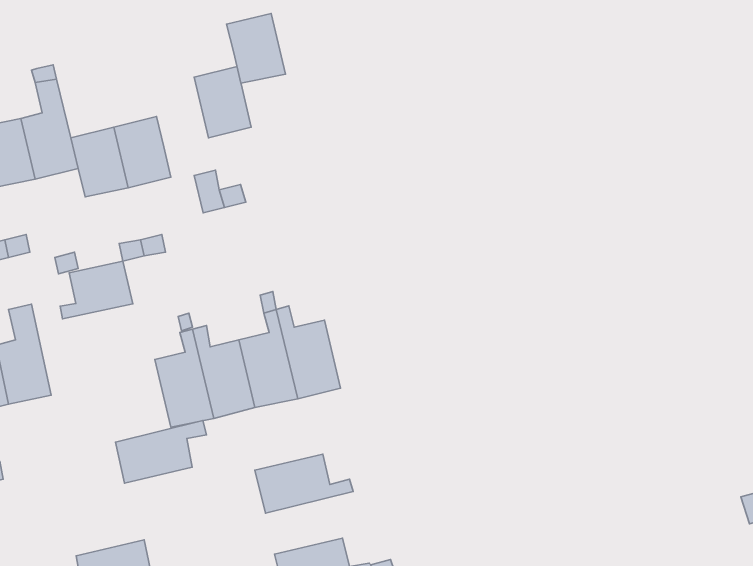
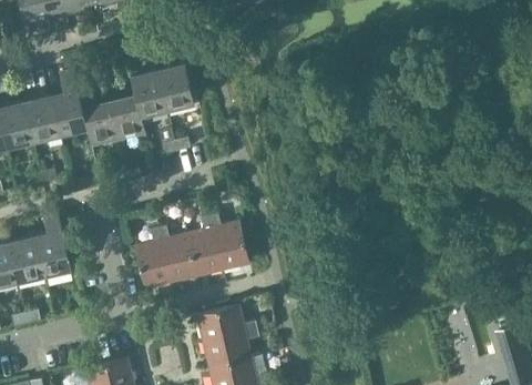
building: [227,14,286,83] -> [130,71,166,114]
building: [60,261,133,319] -> none
building: [115,421,207,483] -> [202,328,258,367]

